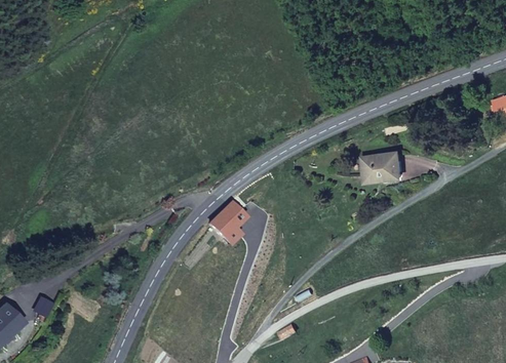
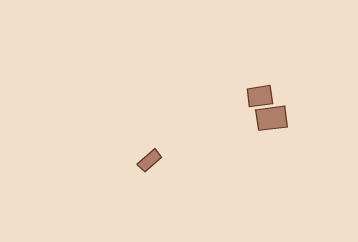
building: none -> [248,85,273,107]

